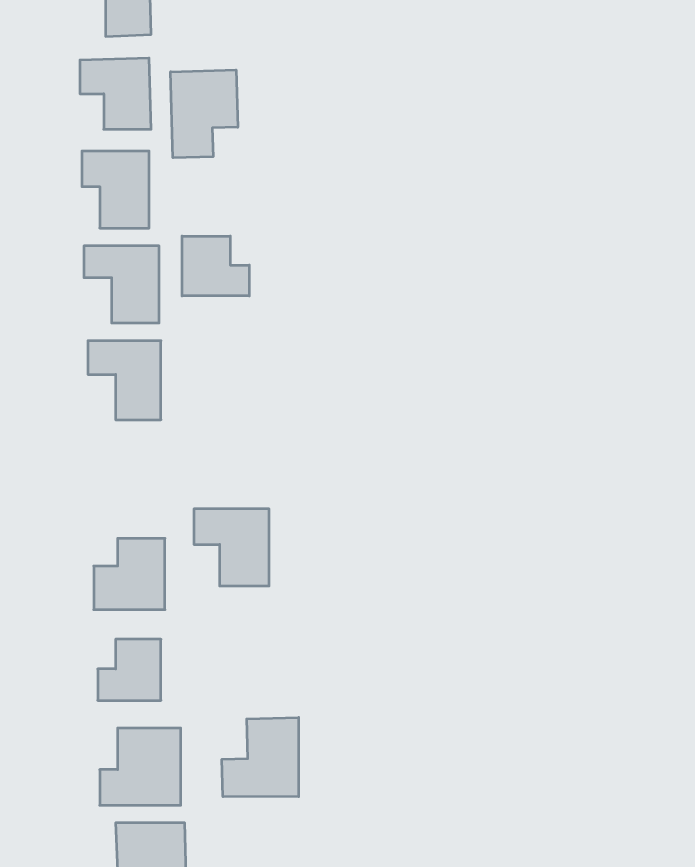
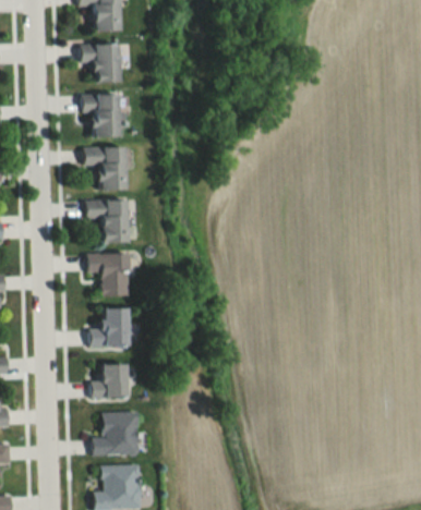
building: [171,70,238,158] -> none
building: [182,236,249,296] -> none
building: [194,509,269,586] -> [86,253,128,295]
building: [222,717,299,797] -> none

